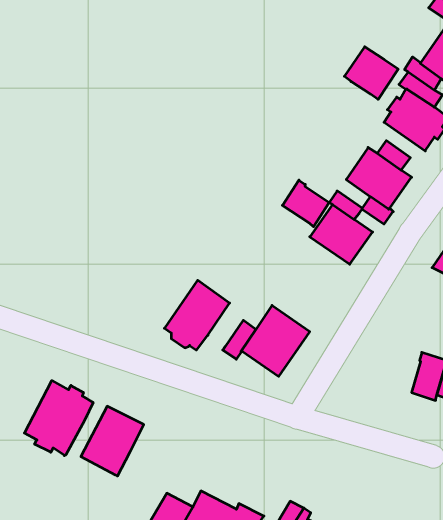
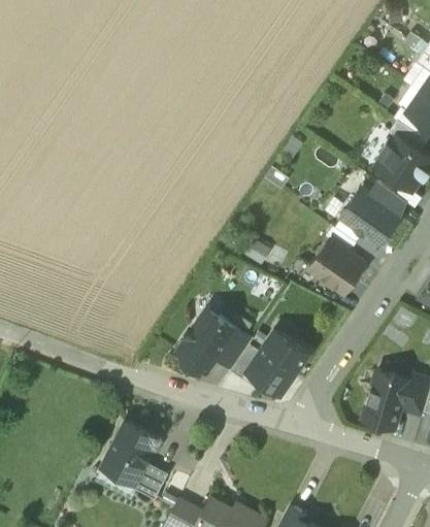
building: [344,47,398,99] -> none
building: [282,180,329,227] -> none
building: none -> [217,328,253,367]
building: none -> [364,371,408,428]
building: [24,381,93,456] -> none
building: none -> [132,462,168,498]

